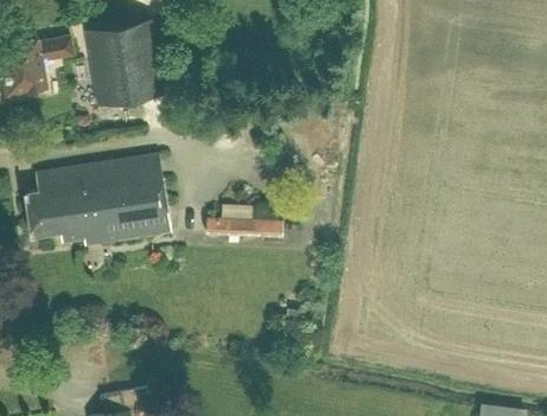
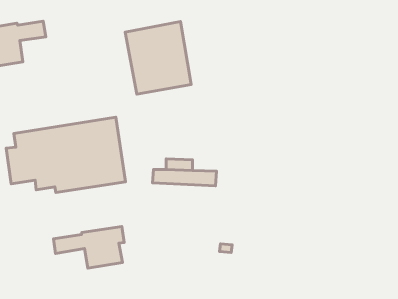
building: [84,18,165,107] -> [125,22,191,94]
building: none -> [54,226,124,268]

